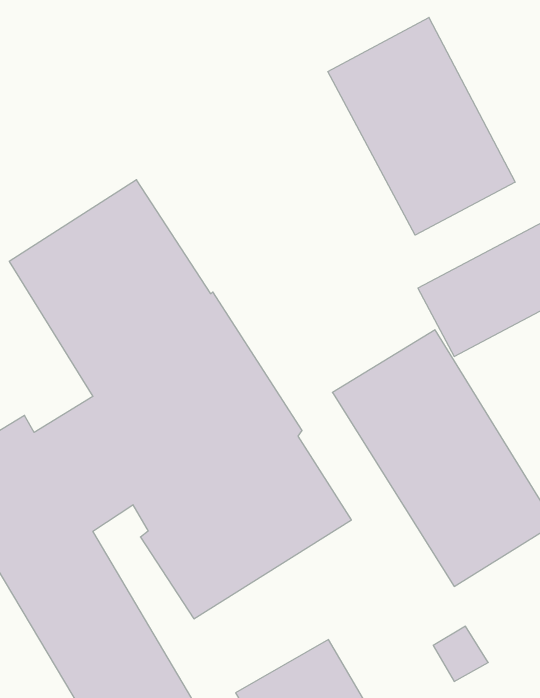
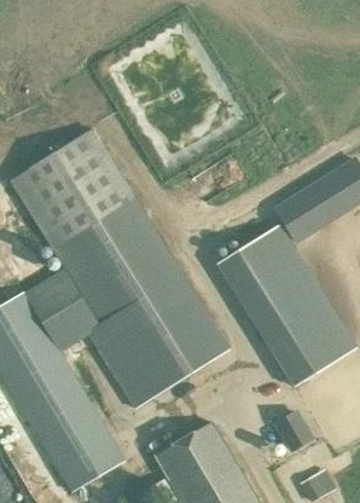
building: [328,17,515,235] -> none

